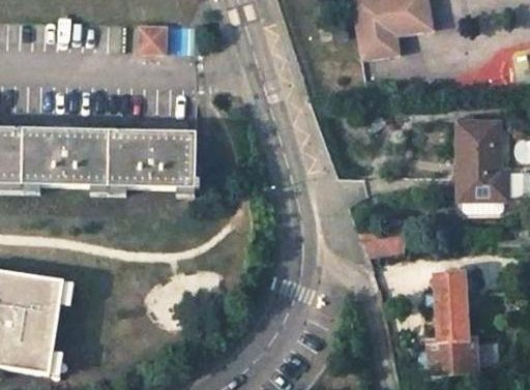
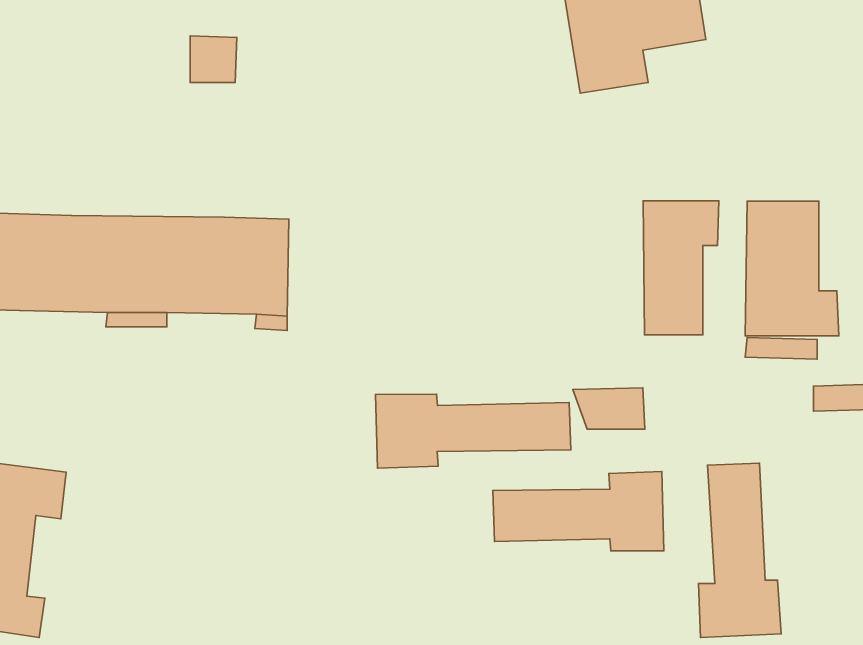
building: none -> [643,201,719,335]
building: none -> [376,394,571,468]
building: none -> [493,472,664,551]

